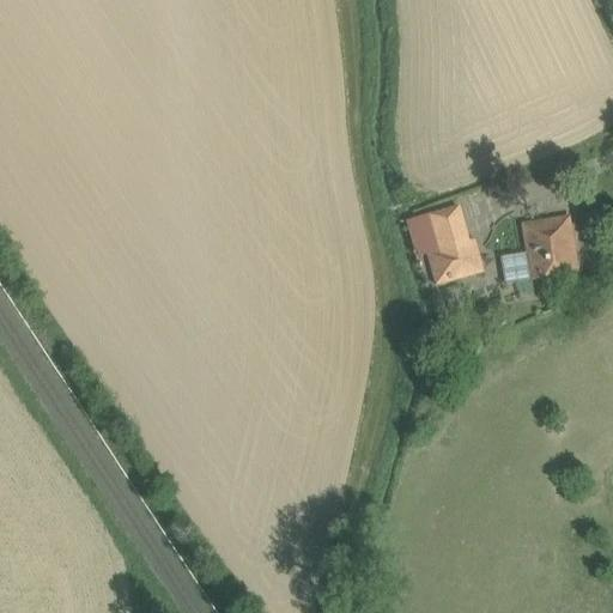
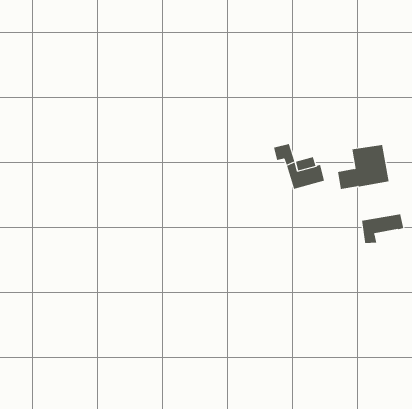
building: [430,205,466,239] -> none
building: none -> [361,213,404,244]

